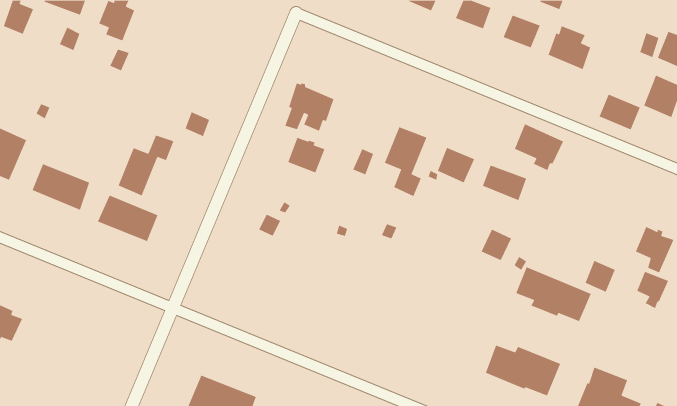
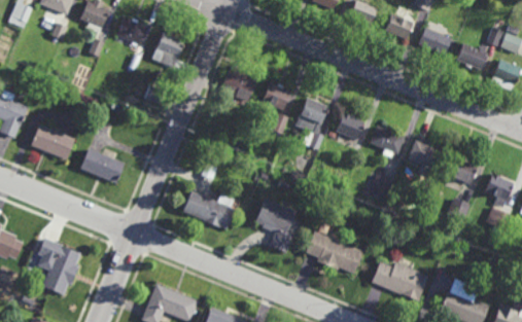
building: none -> [117,16,145,44]
building: none -> [152,32,184,68]
building: [599,94,641,130] -> [457,41,489,69]
building: [514,123,564,171] -> [408,139,446,175]
building: [117,134,174,197] -> none
building: [287,137,325,174] -> [262,81,290,109]
building: none -> [449,156,478,184]
building: none -> [183,191,235,229]
building: none -> [254,199,297,252]
building: [515,266,592,322] -> [306,231,363,274]
building: none -> [38,238,80,295]

